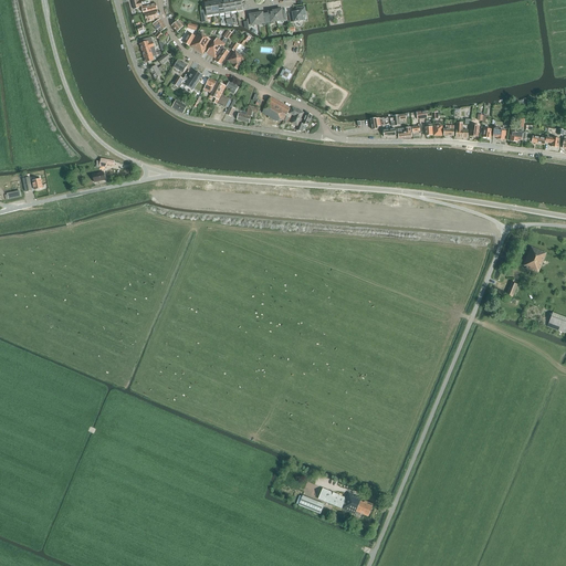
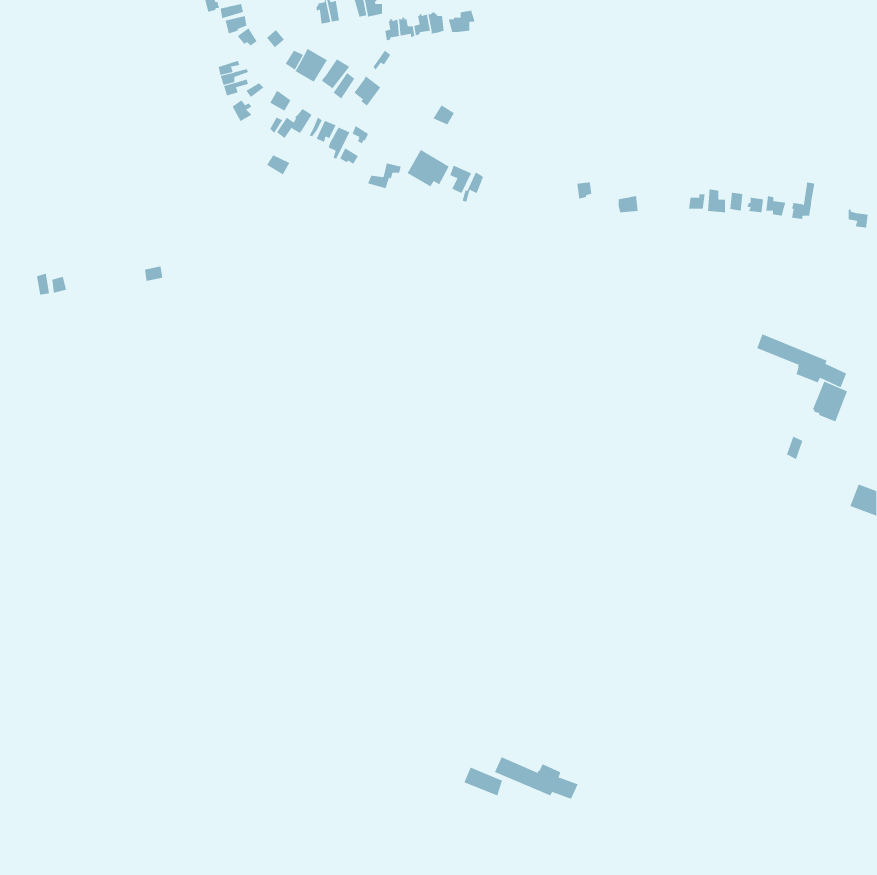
building: none -> [756,333,847,388]

